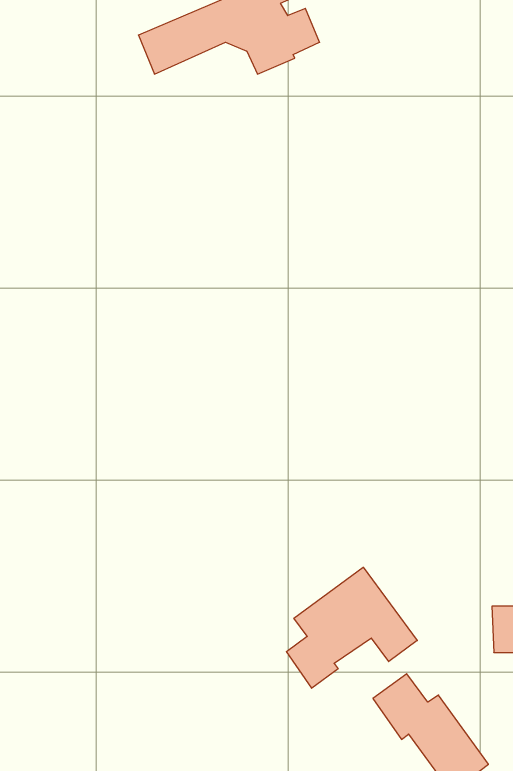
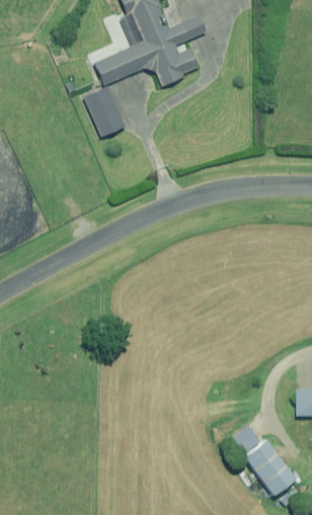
building: none -> [83,86,124,136]
building: [286,567,417,688] -> none

